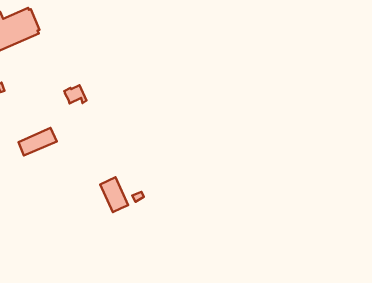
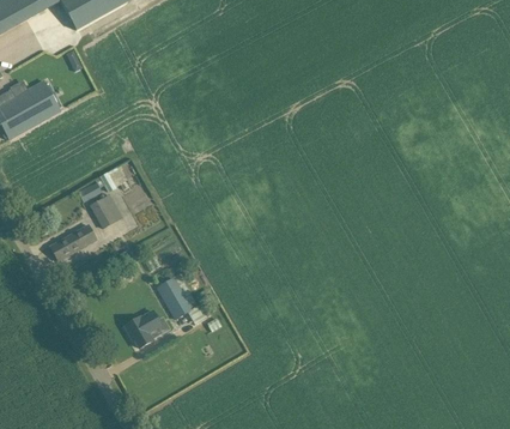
building: none -> [91,194,122,228]
building: none -> [125,309,160,348]

